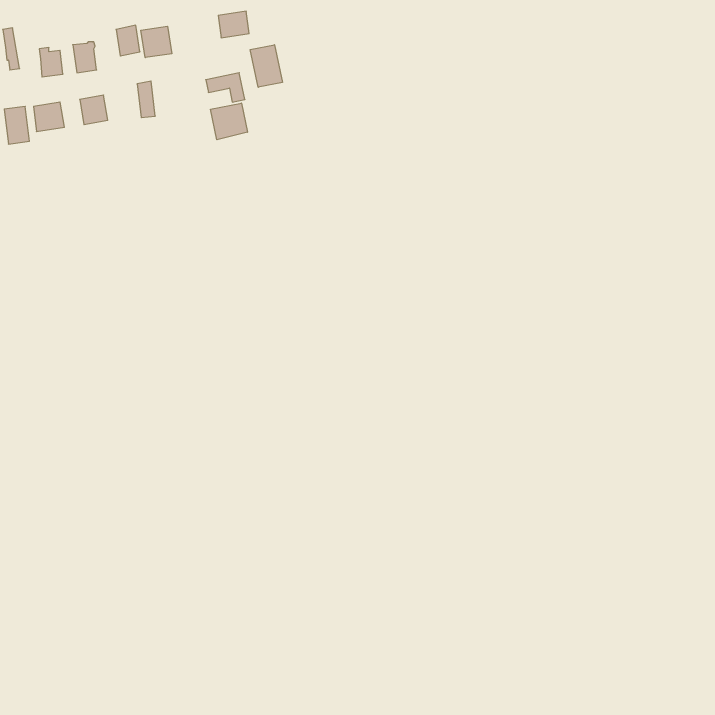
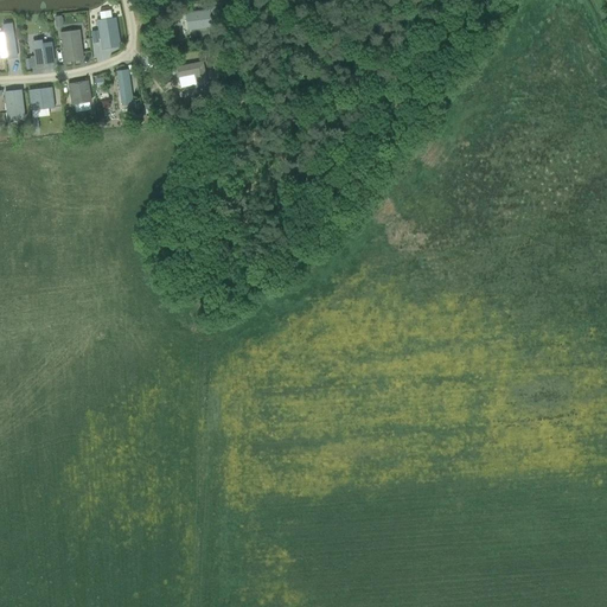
building: [141,26,172,58] -> none
building: [250,45,282,87] -> none
building: [211,103,247,140] -> none

